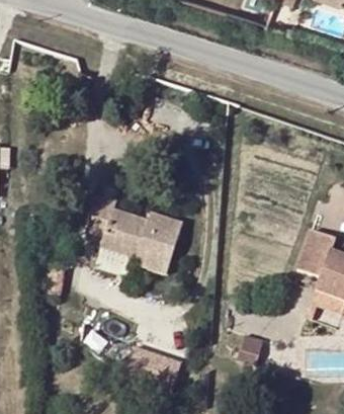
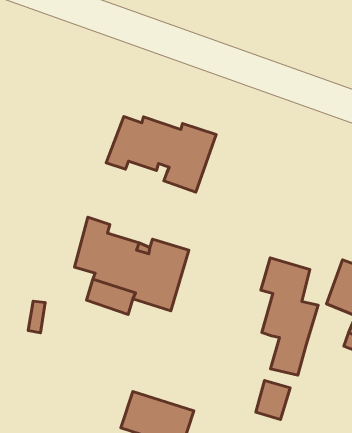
building: none -> [106,116,216,192]
building: none -> [261,258,318,375]

